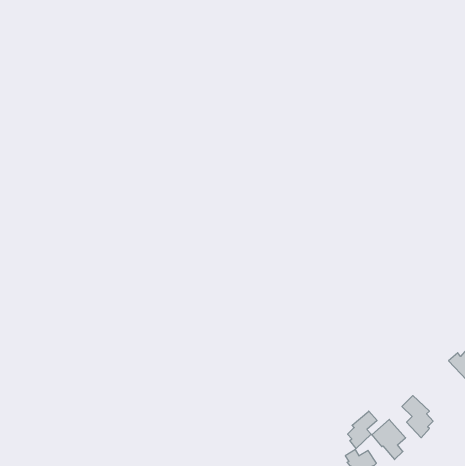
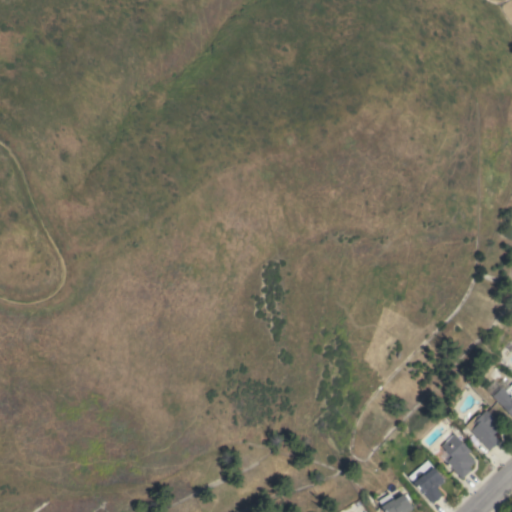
building: none -> [466,411,500,450]
building: [348,411,377,448] -> none

